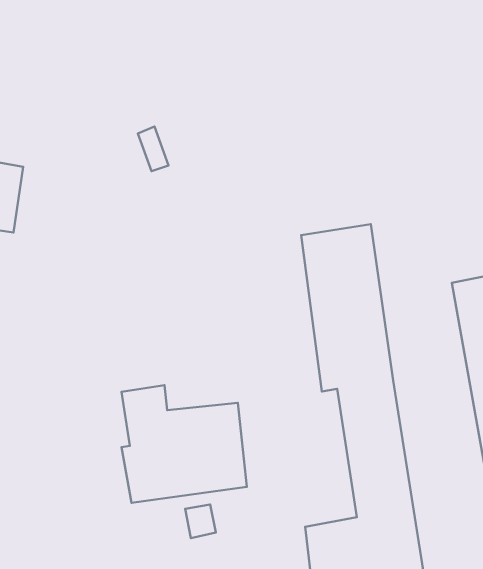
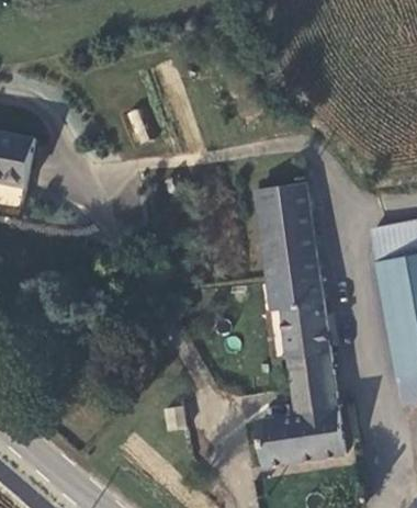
building: [121,385,247,503] -> none

